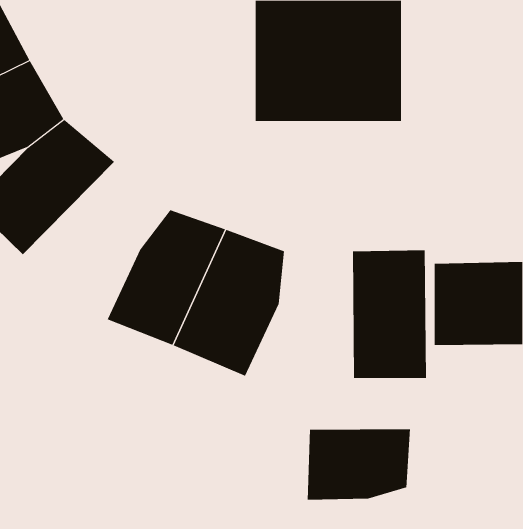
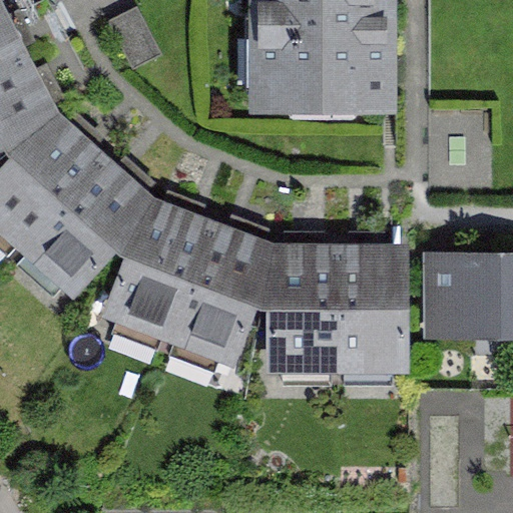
building: none -> [22,157,164,297]
building: none -> [269,243,342,369]
building: [307,428,410,501] -> none

